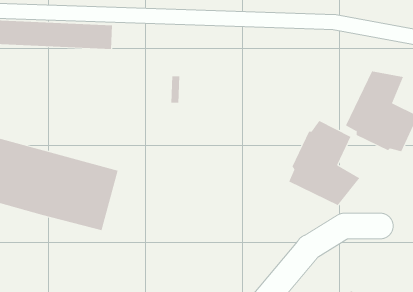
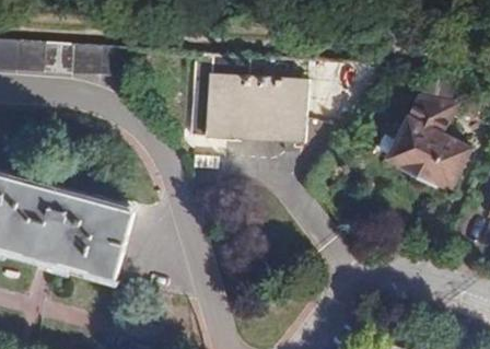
building: none -> [206,58,308,152]
building: [288,120,360,206] -> none

